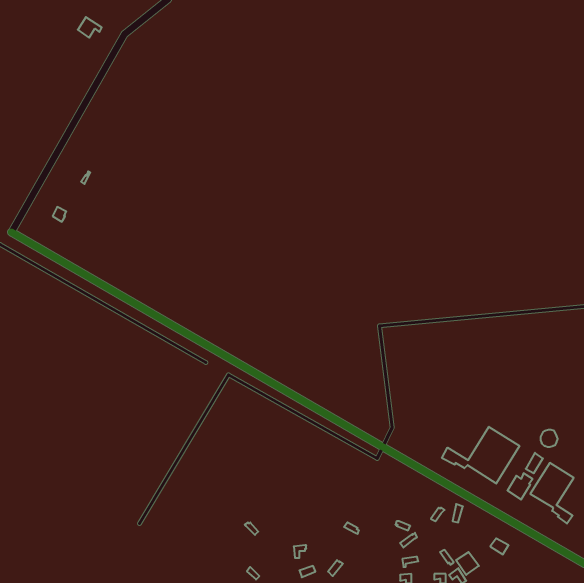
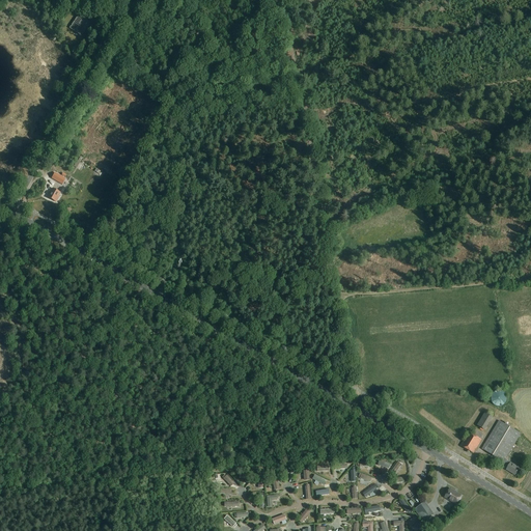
building: [442,427,519,484] -> none

